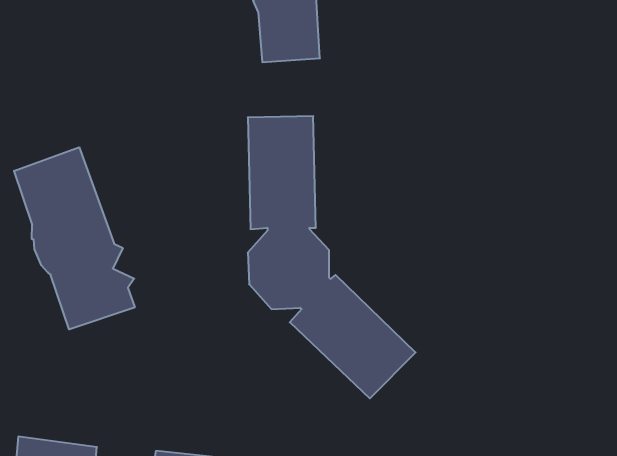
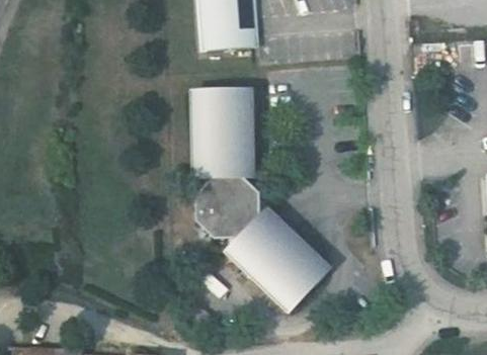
building: [14,147,135,329] -> none

